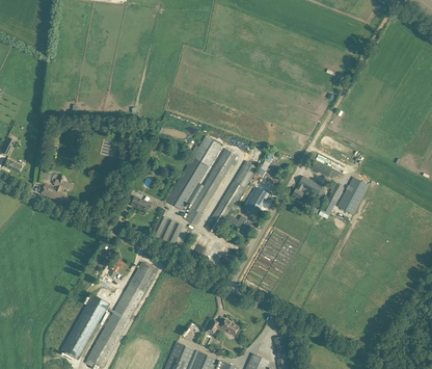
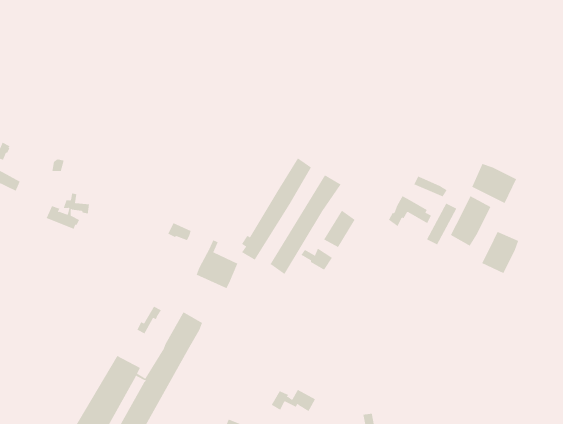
building: [166,135,221,210] -> none
building: none -> [471,163,517,204]
building: none -> [481,231,519,274]

